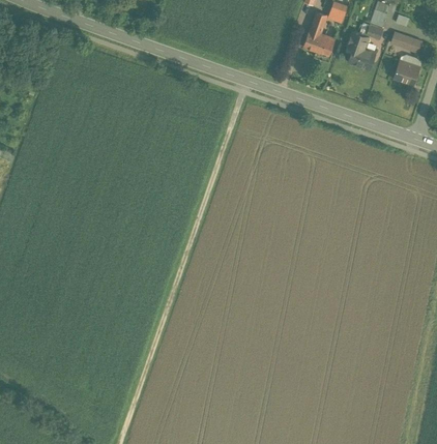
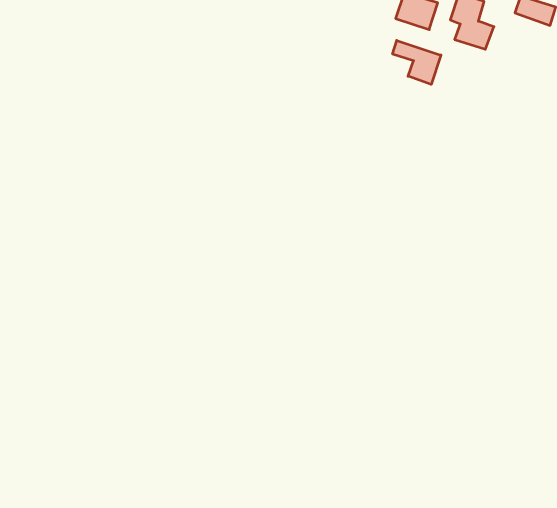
building: [392,58,418,86] -> none
building: none -> [393,40,441,84]

